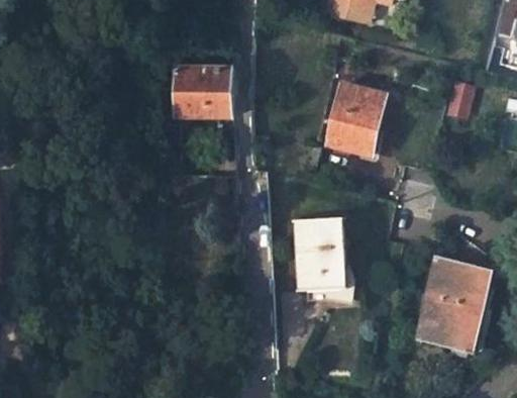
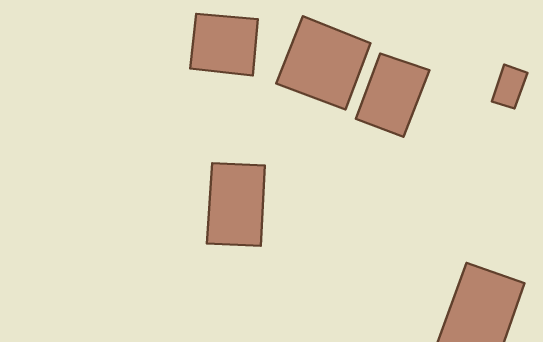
building: none -> [276,16,370,109]
building: [294,217,344,291] -> [207,163,265,246]

